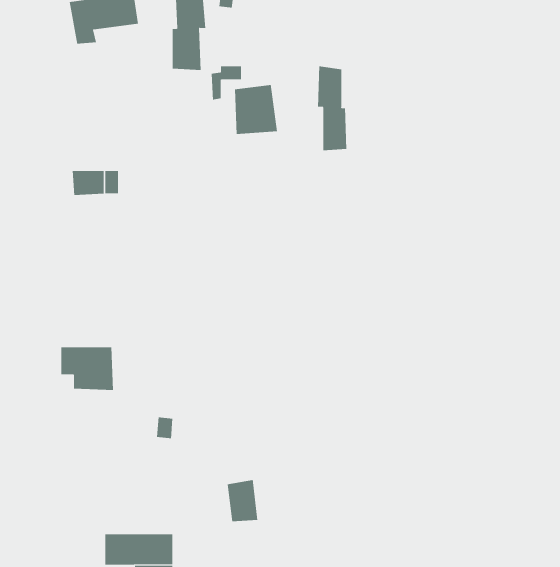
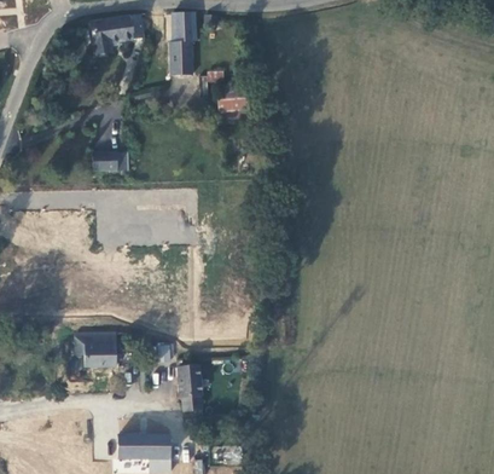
building: [318,66,347,151] -> none
building: [61,347,114,391] -> [75,334,116,368]
building: [227,480,258,522] -> [178,365,202,398]

